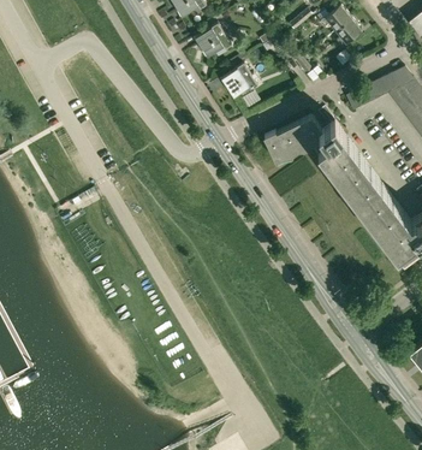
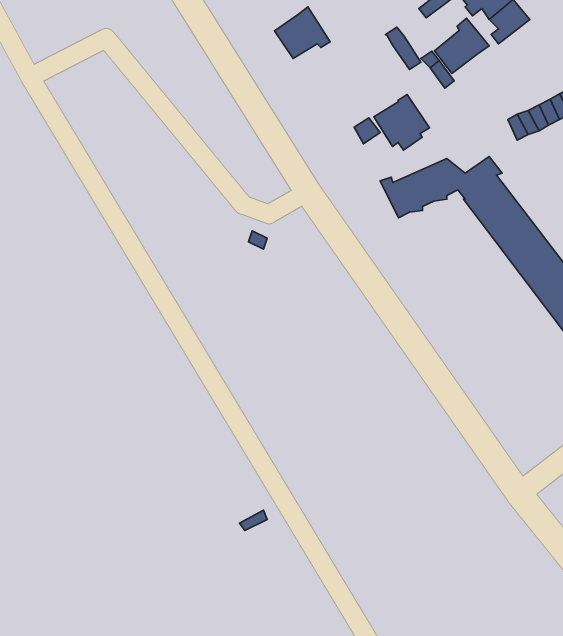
building: none -> [435,18,489,74]
building: [221,64,257,100] -> [374,95,430,150]

